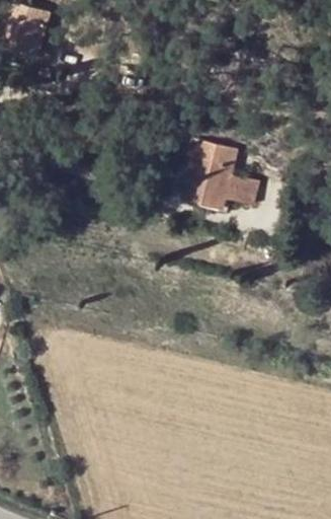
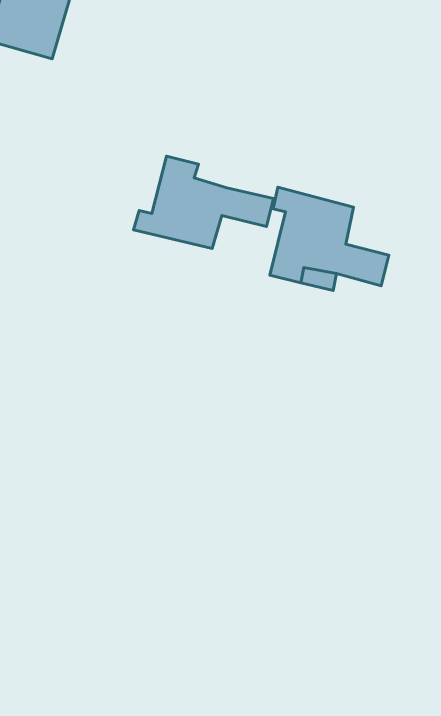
building: none -> [133,156,274,248]

